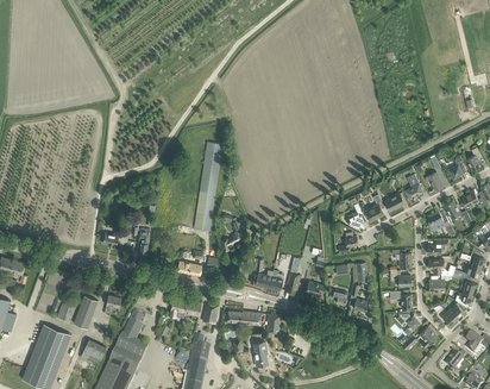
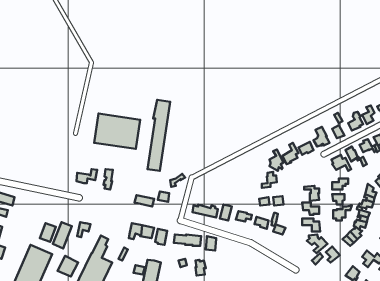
building: none -> [94,114,140,149]

